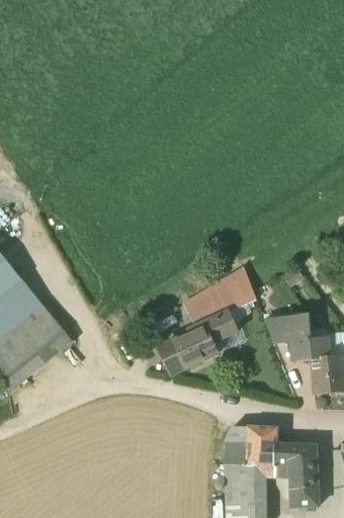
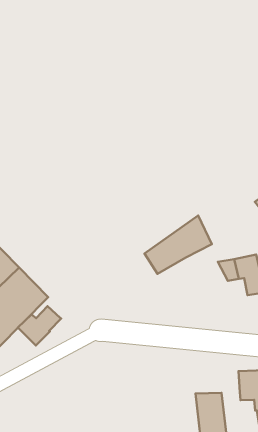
building: [160,311,238,372] -> none
building: none -> [18,306,61,346]
building: [224,426,276,466] -> none

